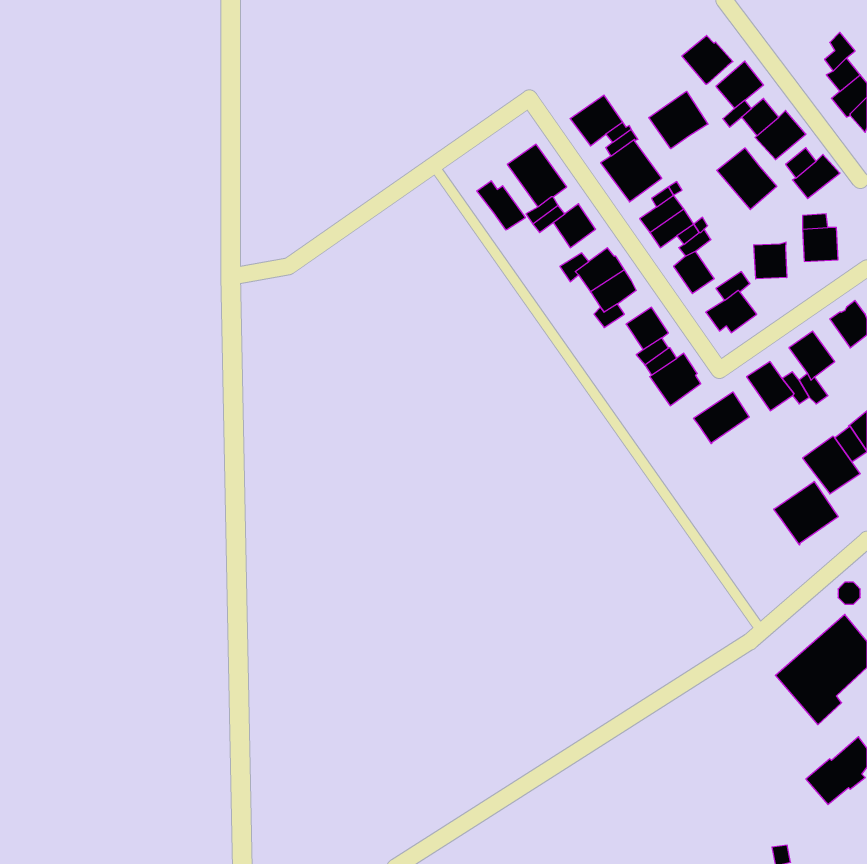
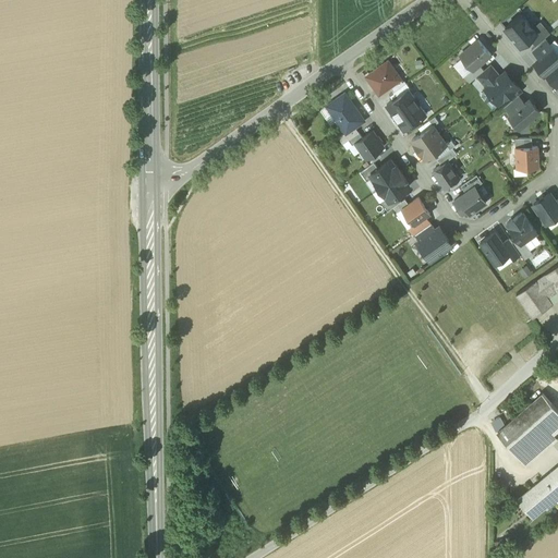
building: none -> [505,16,536,49]
building: [682,35,733,84] -> none
building: [649,91,708,149] -> none
building: [717,148,777,210] -> none
building: [477,181,525,230] -> none
building: [754,242,787,279] -> none
building: [694,392,749,444] -> none
building: [774,481,838,545] -> none

